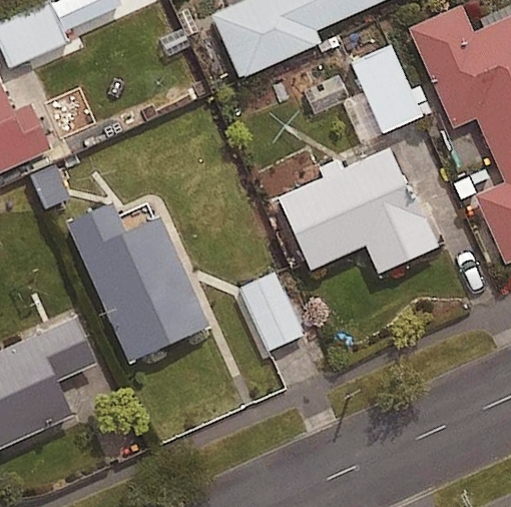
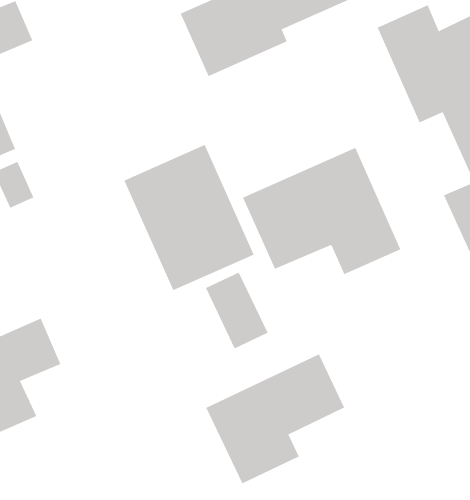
building: [351,42,423,131] -> none
building: [78,216,208,363] -> [124,144,254,291]
building: none -> [206,354,345,484]

